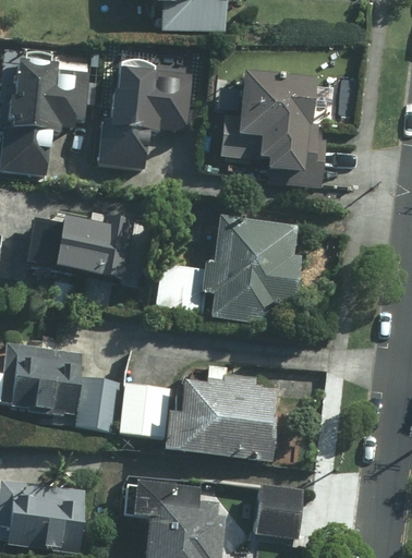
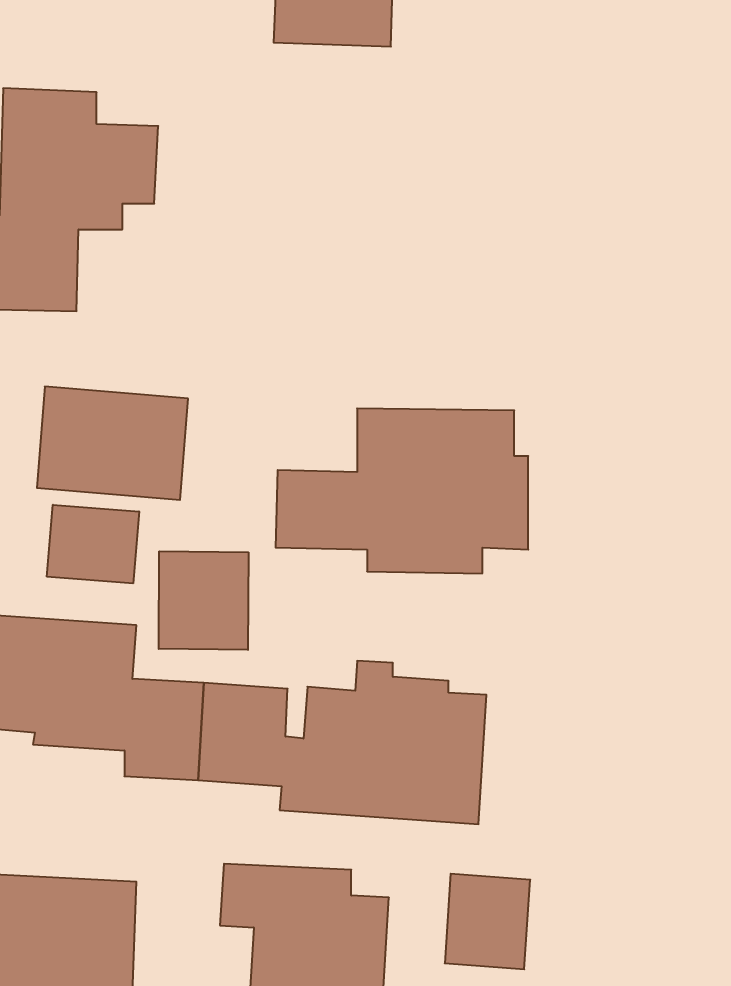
building: [102,58,191,171] -> none
building: [220,76,326,184] -> none
building: none -> [47,505,139,583]
building: none -> [159,551,248,650]

